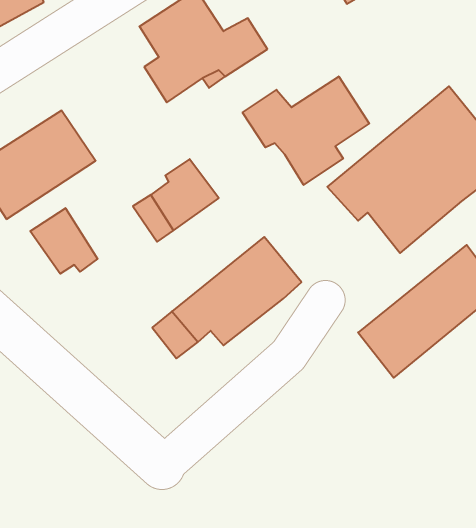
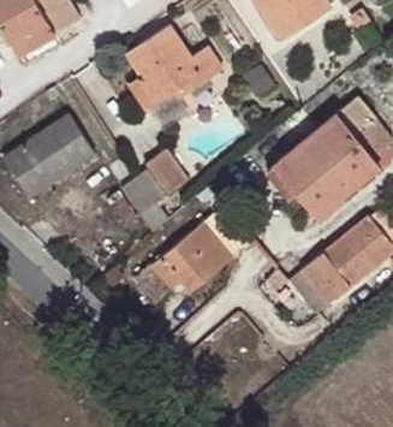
building: [243,76,369,185] -> none
building: [30,208,98,274] -> none

